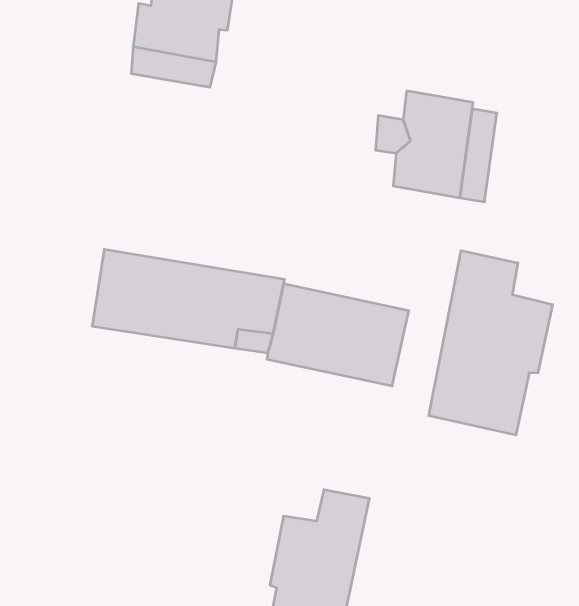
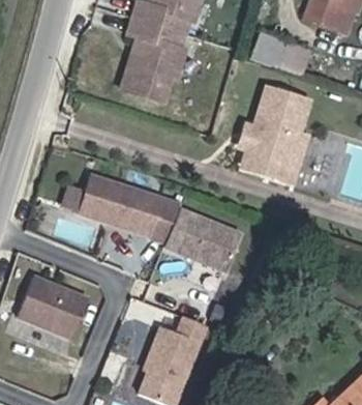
building: none -> [259,90,301,131]
building: [429,251,553,435] -> none
building: none -> [19,278,89,339]

